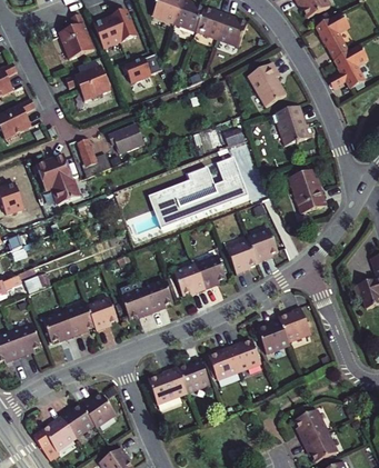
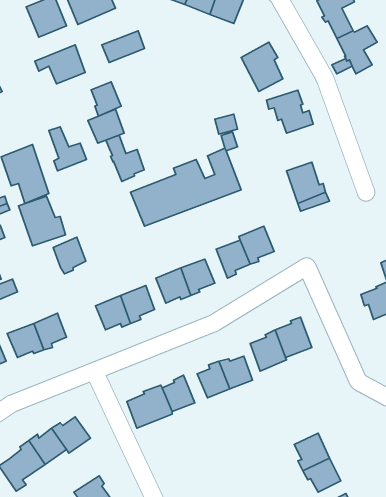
building: none -> [91,82,121,116]
building: none -> [106,135,144,182]
building: none -> [18,196,66,246]
building: [87,297,116,329] -> [53,237,86,274]

